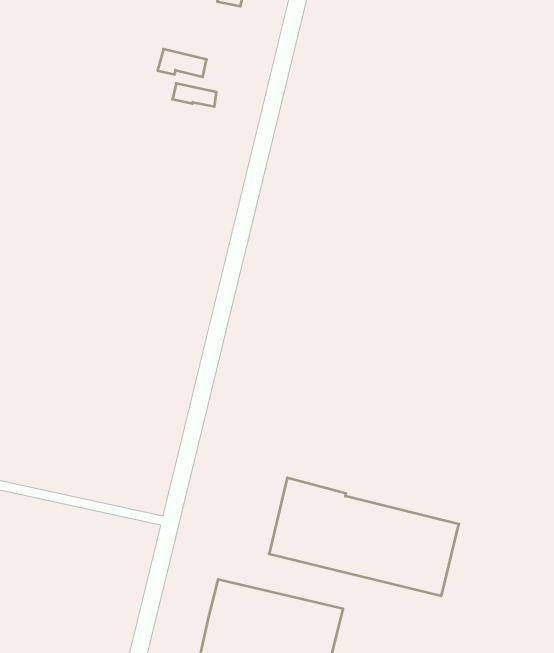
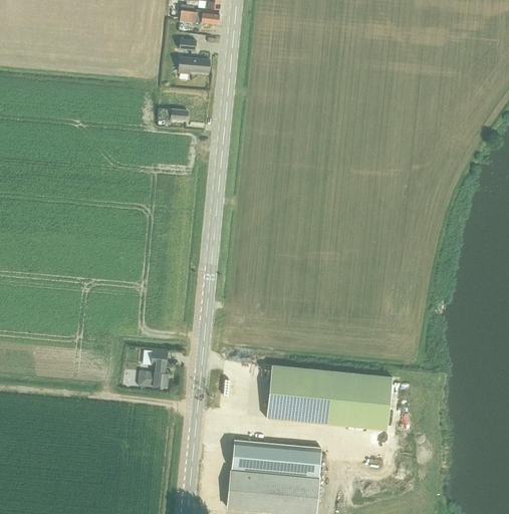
building: [158,49,207,77] -> [178,57,210,73]
building: none -> [138,349,168,389]

